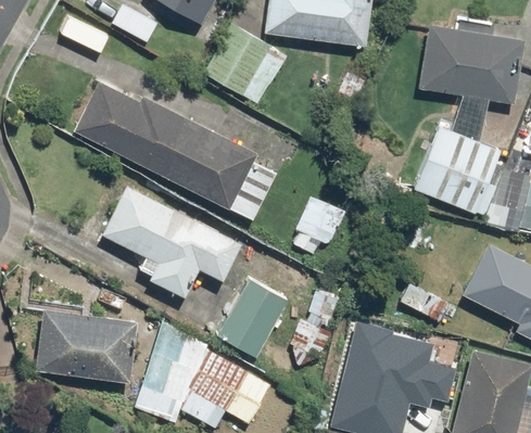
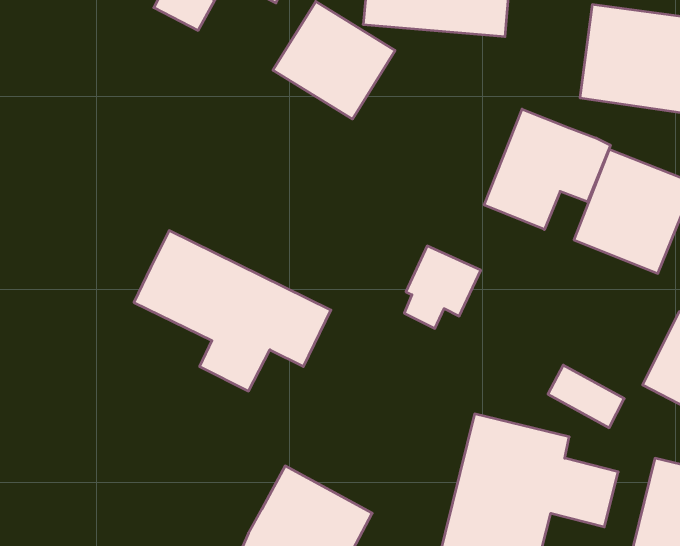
building: [74,82,278,221] -> none
building: none -> [484,109,610,230]
building: [218,276,291,357] -> none
building: [38,307,136,380] -> none
building: [143,331,210,400] -> none

